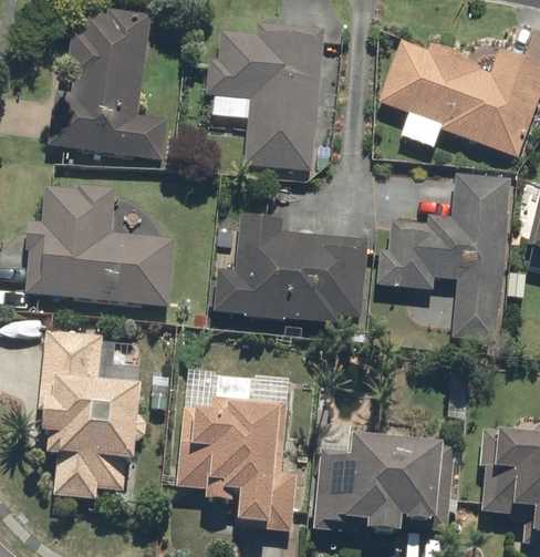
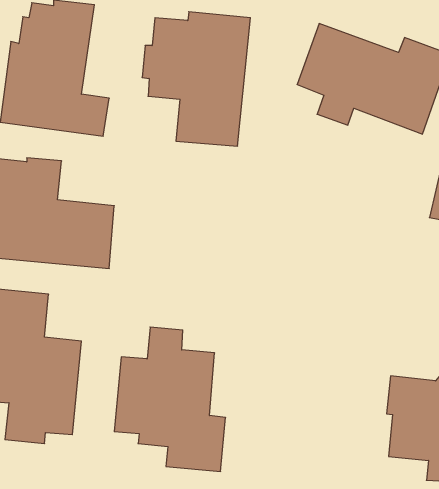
building: [377,172,511,342] -> none
building: [212,214,367,324] -> none
building: [312,433,456,538] -> none

